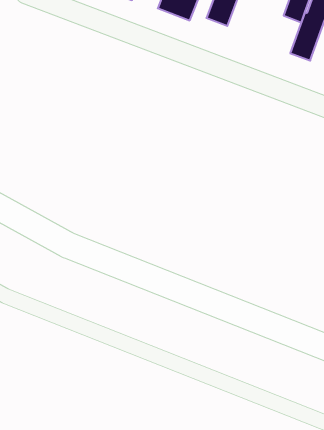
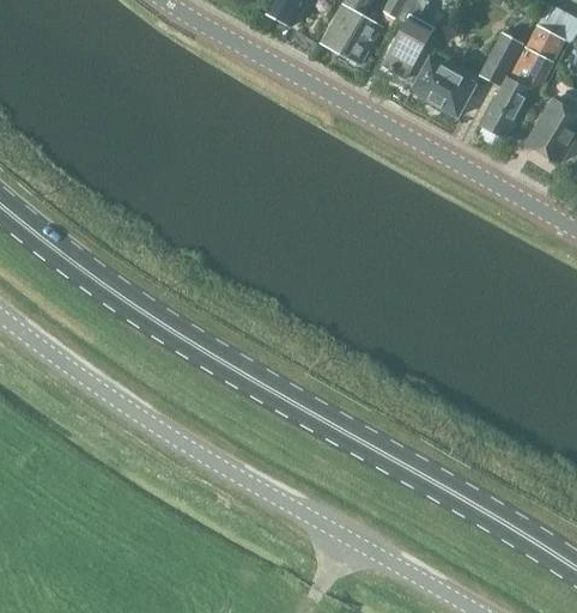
building: none -> [409,56,475,115]

